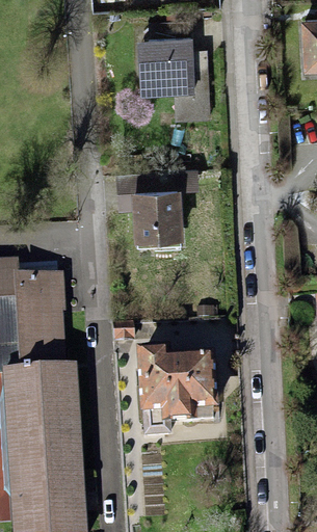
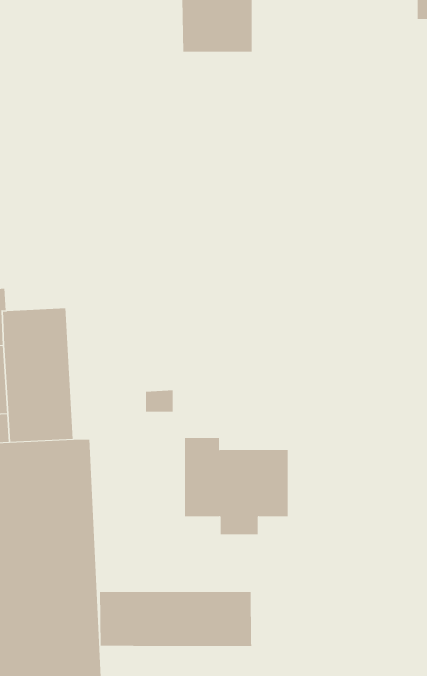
building: [133,191,180,237] -> none
building: none -> [99,591,252,647]

